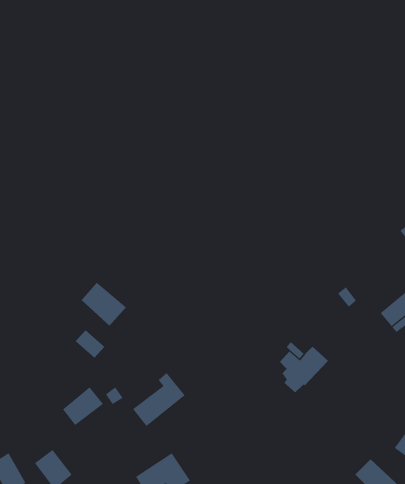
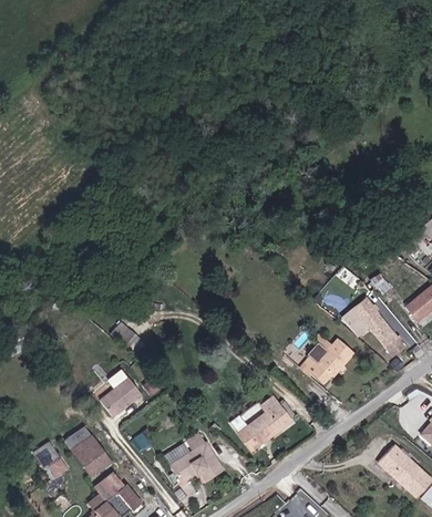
building: [81,282,127,327] -> none
building: none -> [341,297,405,356]
building: [132,372,186,427] -> [239,396,290,448]

